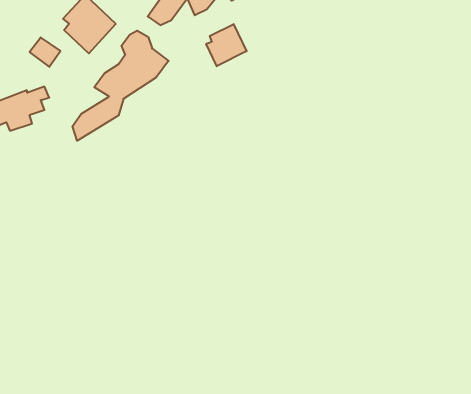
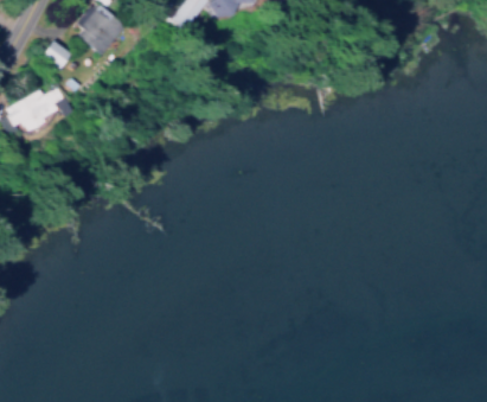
building: [206,24,247,66] -> none
building: [73,31,169,141] -> none

